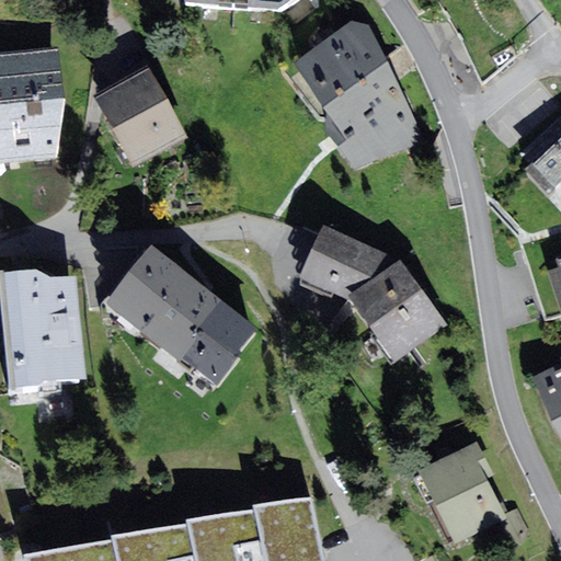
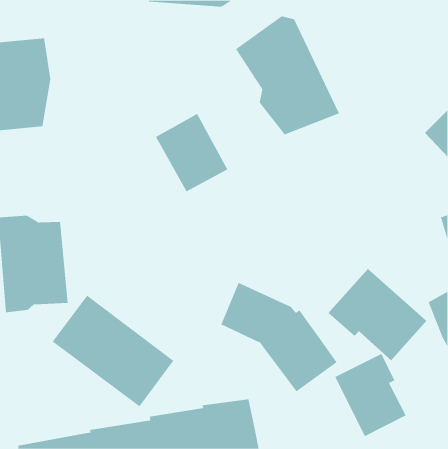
building: [94,67,185,165] -> [155,113,228,192]
building: [300,225,446,362] -> [220,282,338,392]
building: [105,245,257,386] -> [52,295,174,407]
building: none -> [327,268,427,361]

